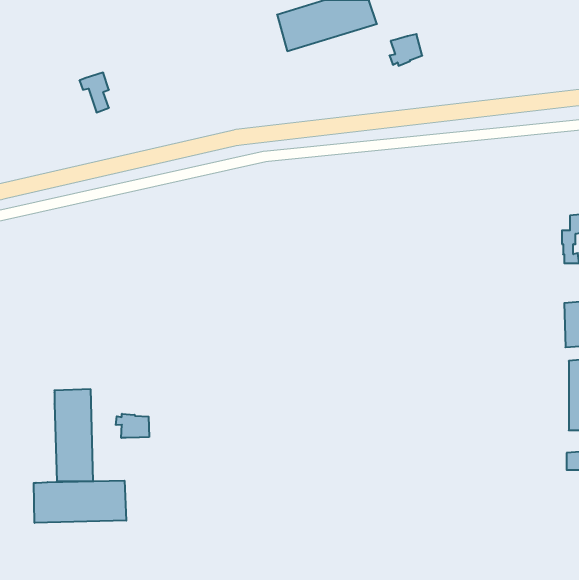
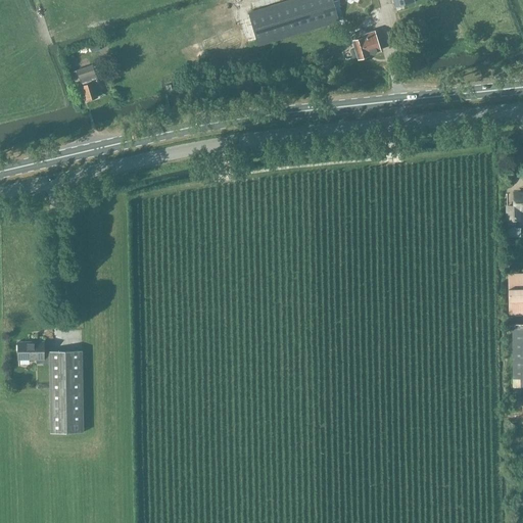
building: none -> [18,341,50,364]
building: [116,414,149,438] -> none
building: [34,481,126,523] -> none

